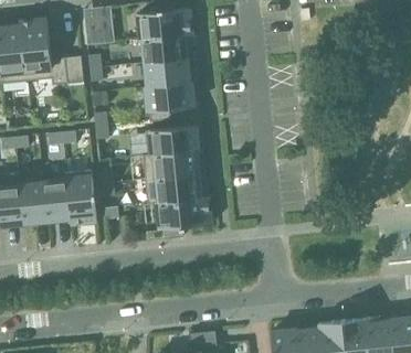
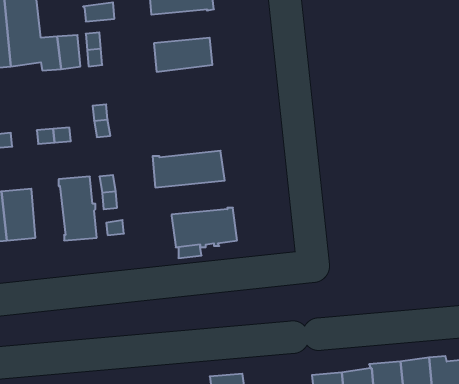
building: [140,35,188,63] -> none
building: [145,81,192,122] -> none
building: [145,126,197,156] -> none
building: [144,174,202,204] -> none
building: [43,179,71,221] -> none

